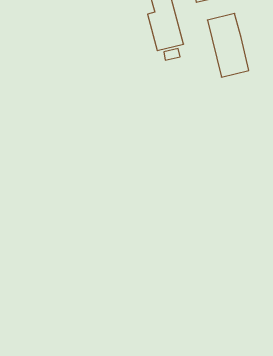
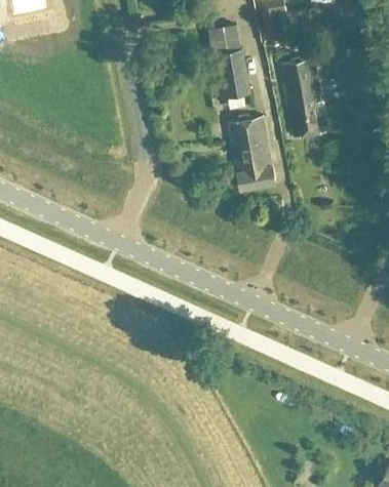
building: none -> [229,114,276,188]

